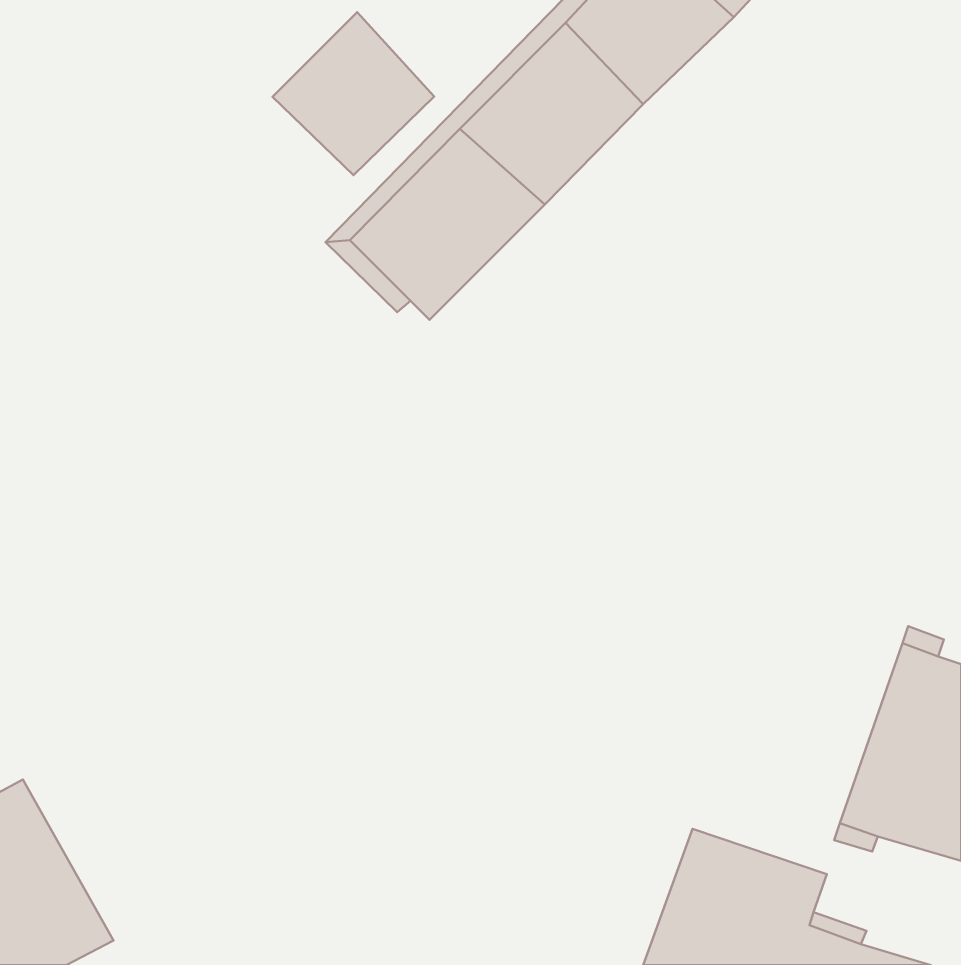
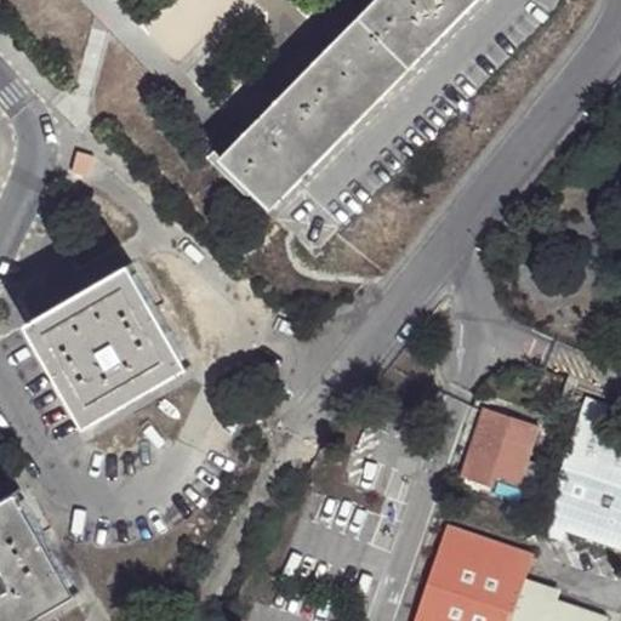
building: [273,12,434,175] -> none
building: none -> [24,269,186,432]
building: none -> [461,404,536,484]

